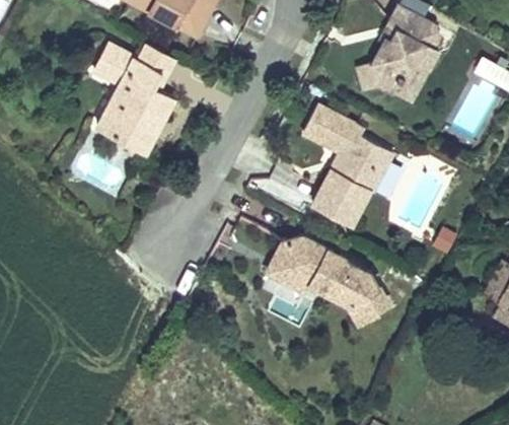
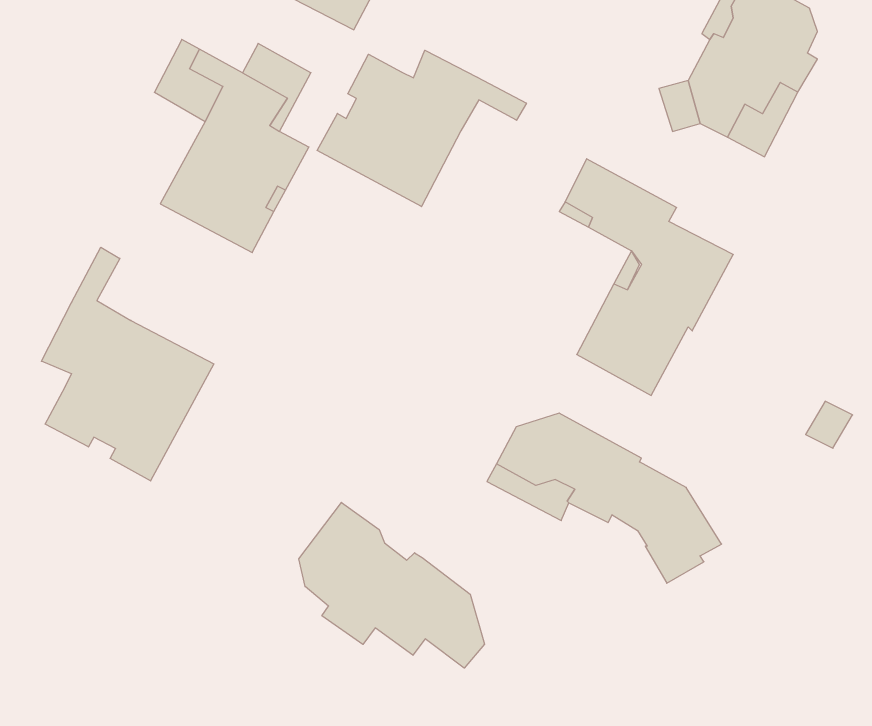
building: none -> [317,50,526,207]
building: none -> [41,247,214,481]
building: none -> [299,502,484,668]

